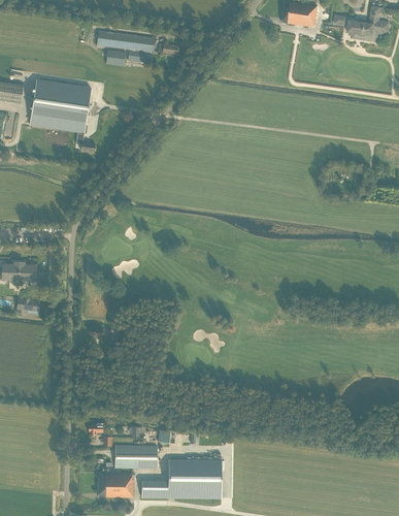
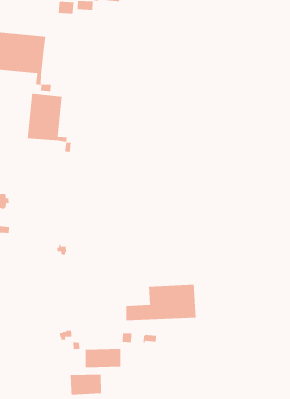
building: none -> [27,93,71,153]
building: [140,458,221,497] -> [126,284,196,321]

